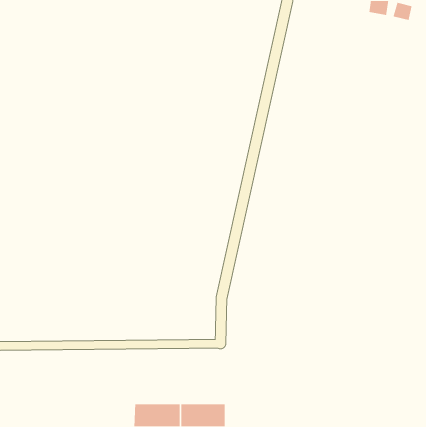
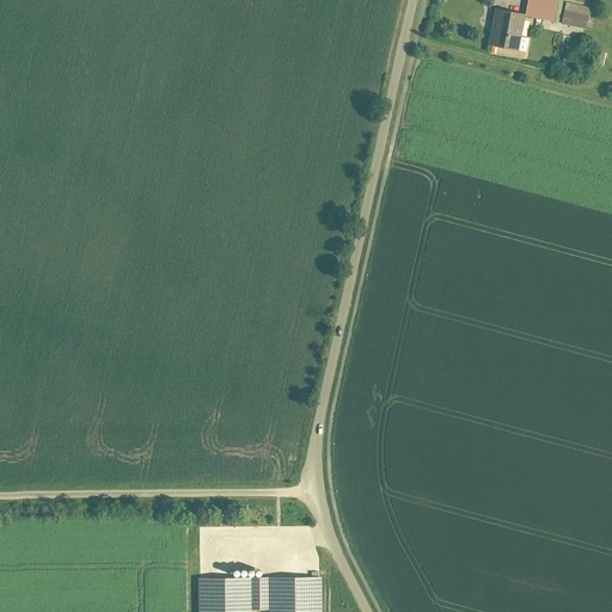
building: none -> [488,12,524,53]

